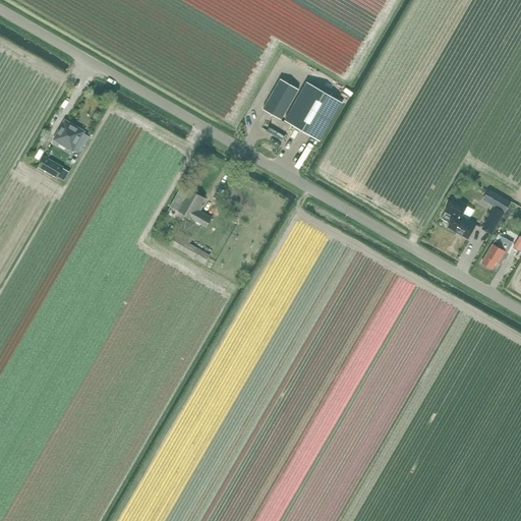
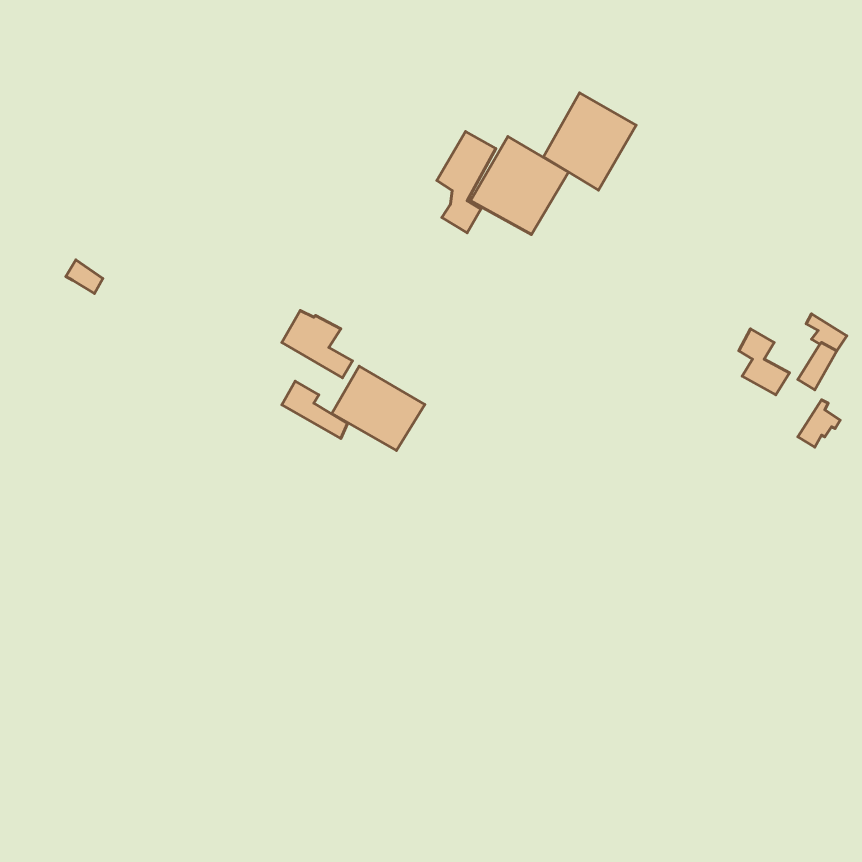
building: none -> [543,93,636,190]
building: [54,120,89,152] -> none
building: none -> [332,366,425,450]

